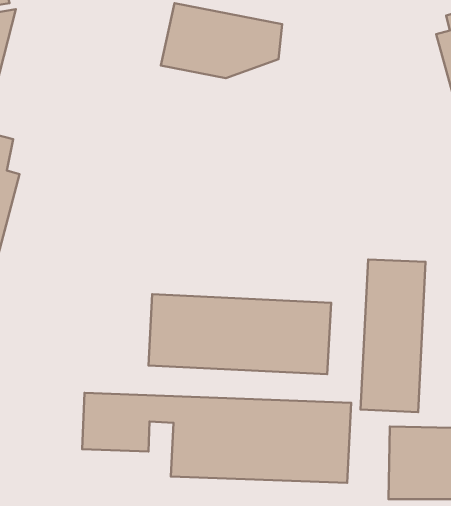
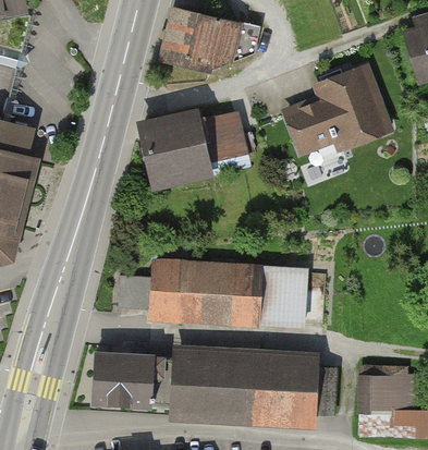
building: none -> [281,62,395,158]
building: none -> [139,109,253,186]
building: [361,259,426,412] -> none

